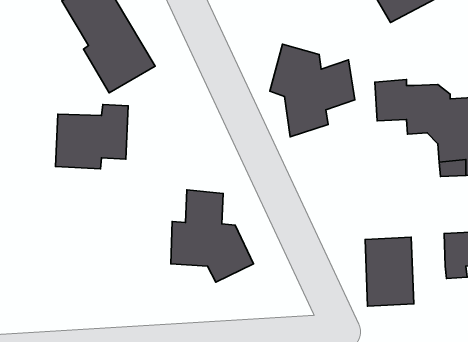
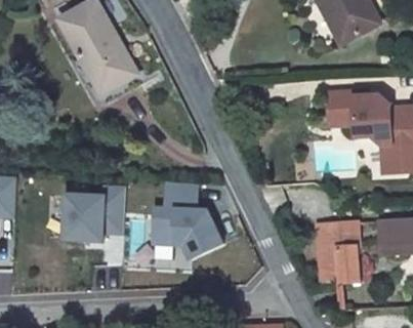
building: [270,44,355,137] -> none
building: [55,105,128,169] -> [64,187,125,241]

